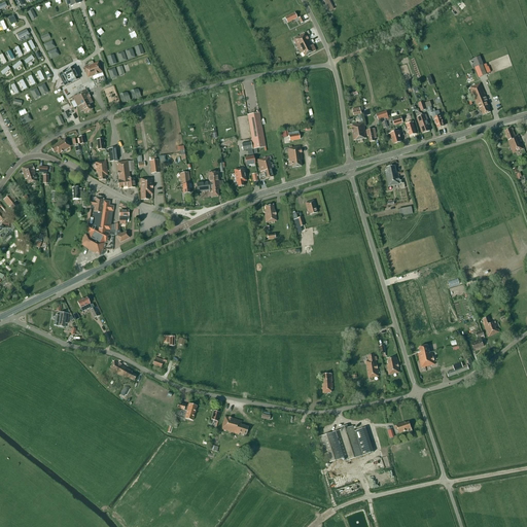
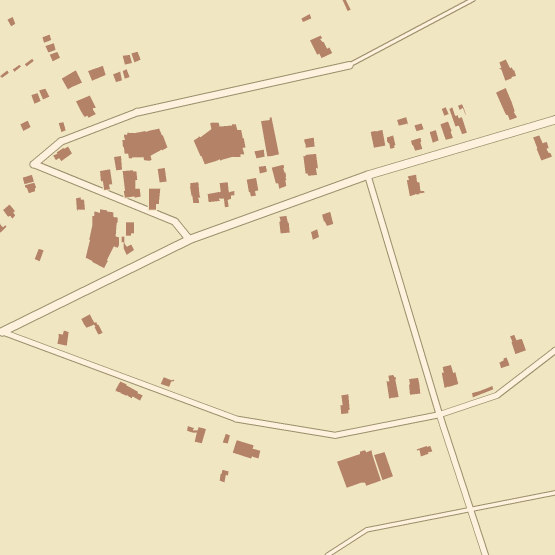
building: none -> [193,122,246,165]
building: none -> [122,128,168,161]

